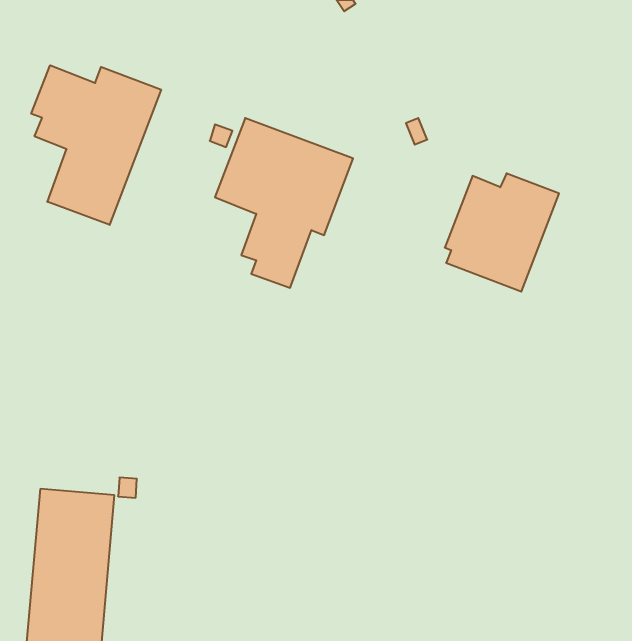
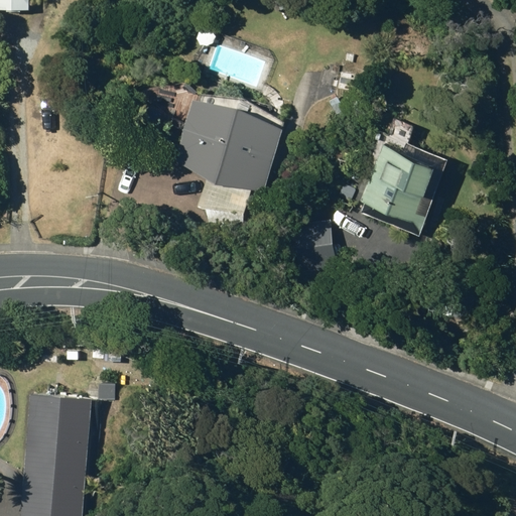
building: [31,65,161,225] -> none
building: none -> [297,222,333,271]

